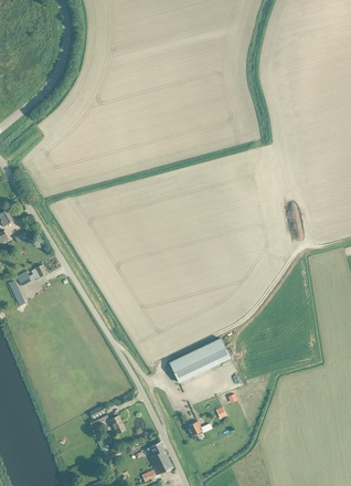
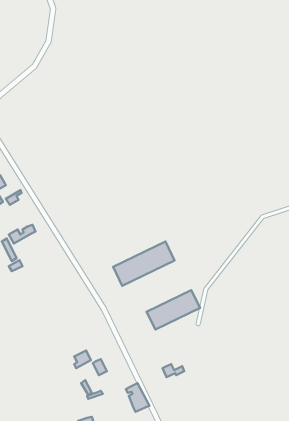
building: none -> [113,241,174,286]

